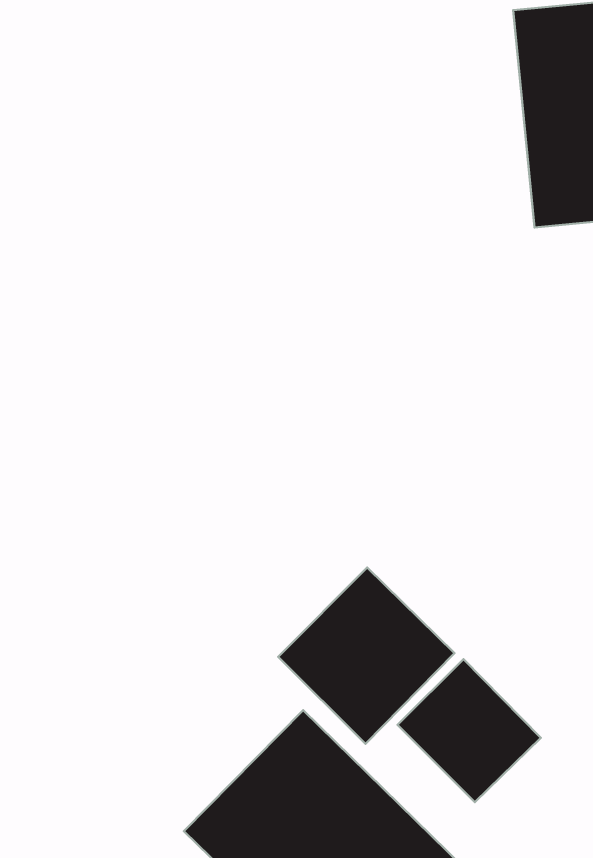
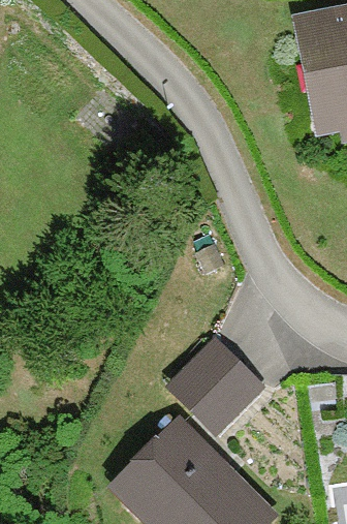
building: [398,659,541,802] -> none

